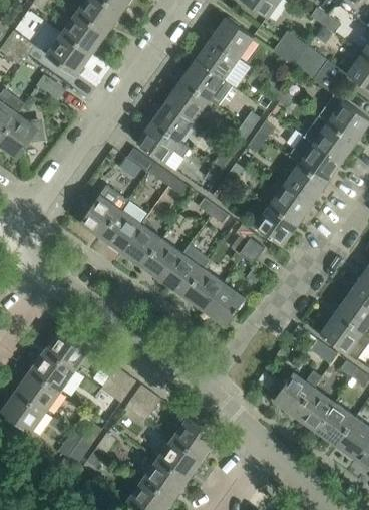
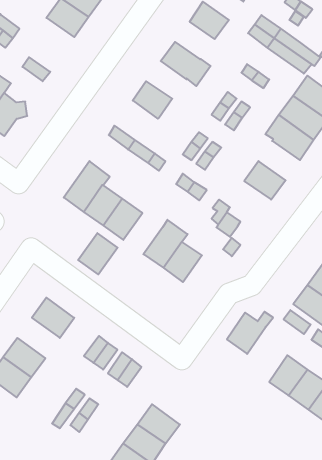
building: [46,35,90,76] -> none
building: [196,39,237,78] -> none
building: [165,80,208,119] -> none
building: [136,121,190,162] -> none
building: [283,164,326,205] -> none
building: [254,206,296,246] -> none
building: [141,239,182,282] -> [78,233,118,274]
building: [204,283,245,326] -> none
building: [31,348,75,391] -> none
building: [273,371,321,416] -> [227,312,273,354]
building: [171,418,216,460] -> none

